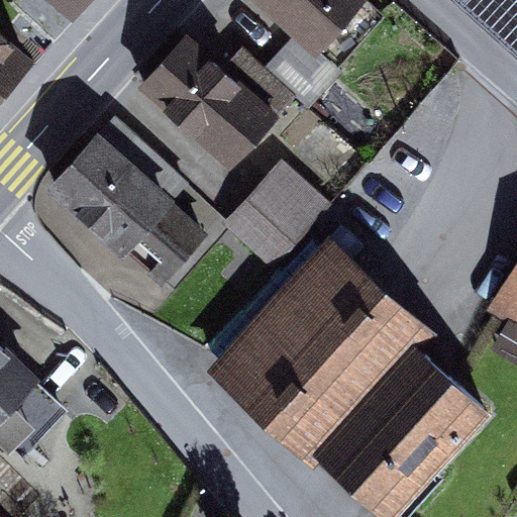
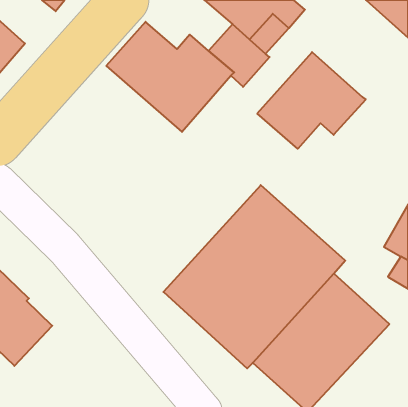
building: none -> [257,52,366,149]
building: [41,118,205,284] -> none
building: [220,161,332,274] -> none

